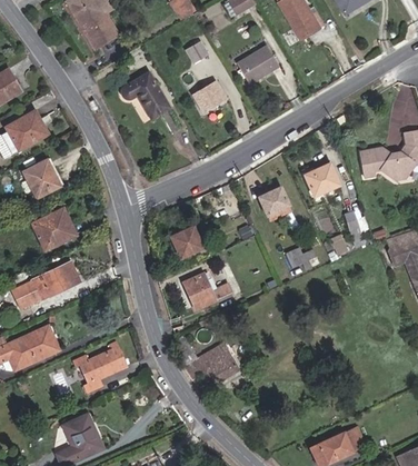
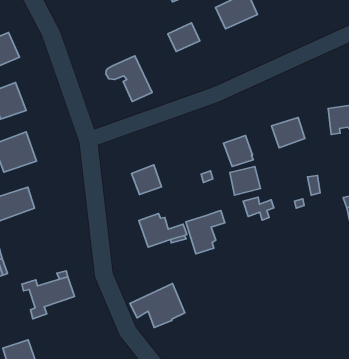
building: [121,72,169,118] -> [106,56,152,101]
building: none -> [230,166,261,195]
building: none -> [186,210,225,254]

